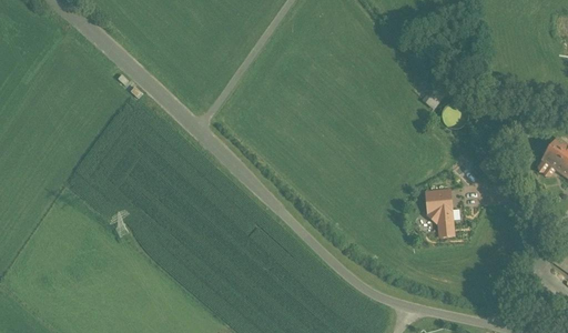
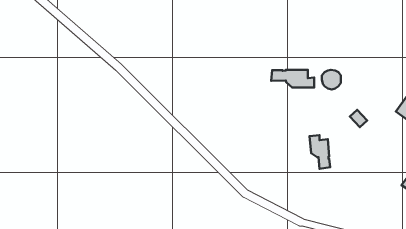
building: none -> [271,70,314,88]

